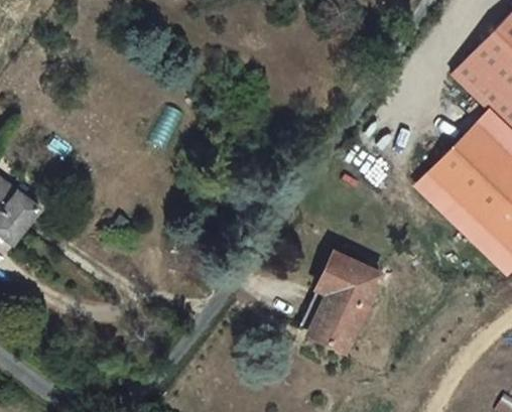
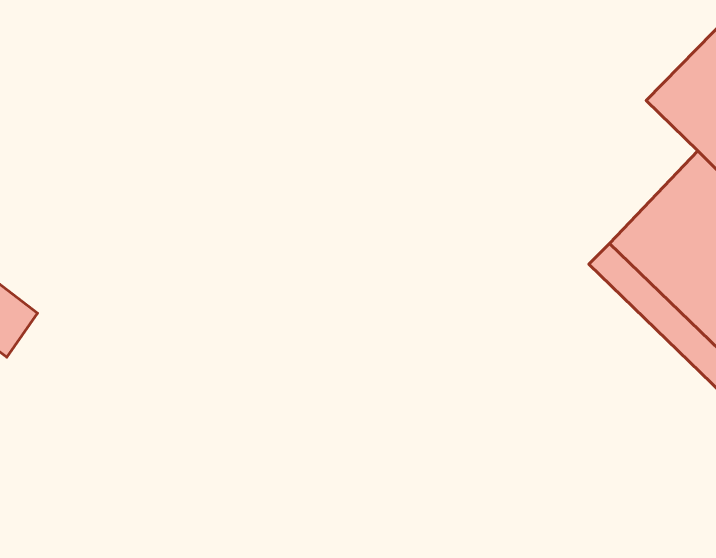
building: [291,247,375,345] -> none

